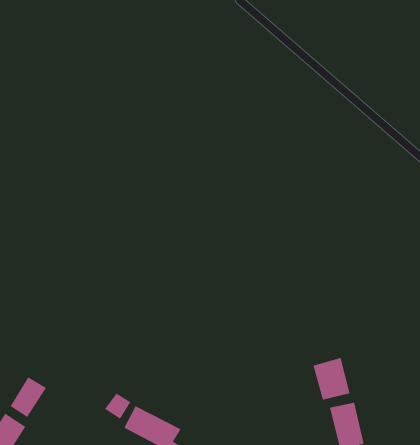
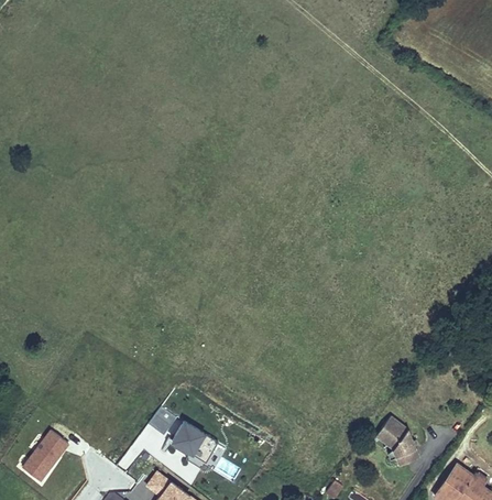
building: [313,357,350,401] -> none
building: [10,377,47,418] -> none

